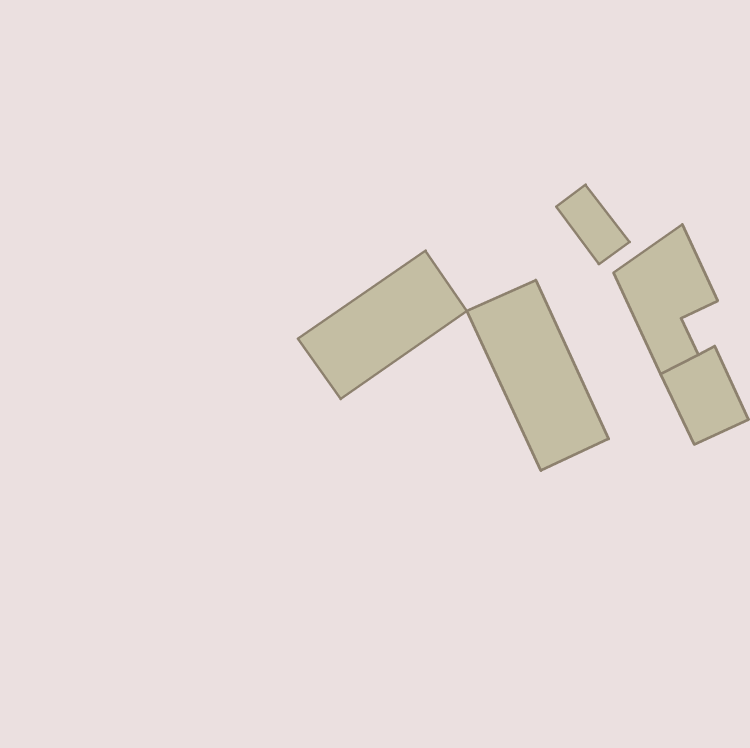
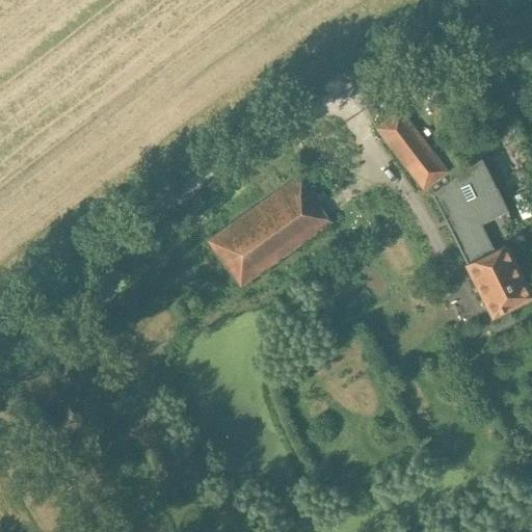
building: none -> [380,114,415,148]
building: [467,280,609,471] -> none

